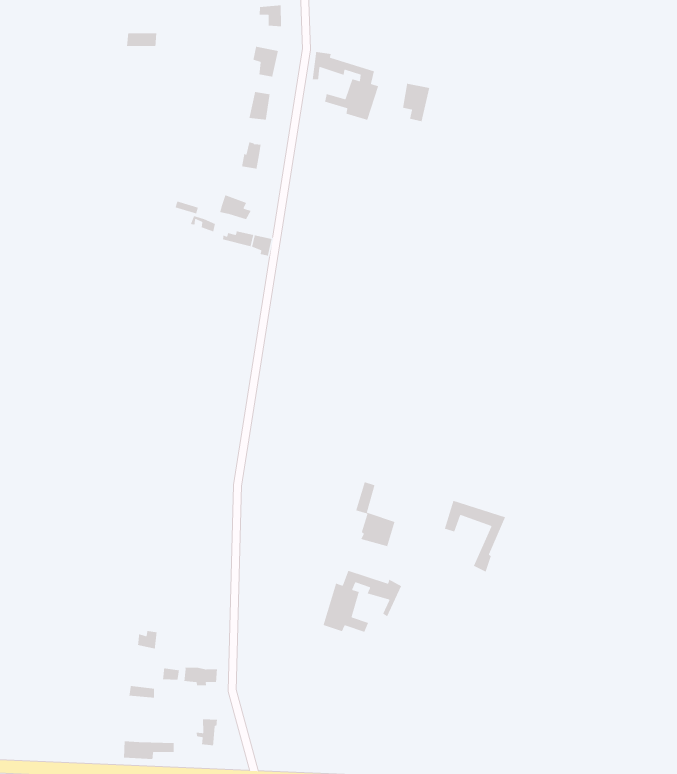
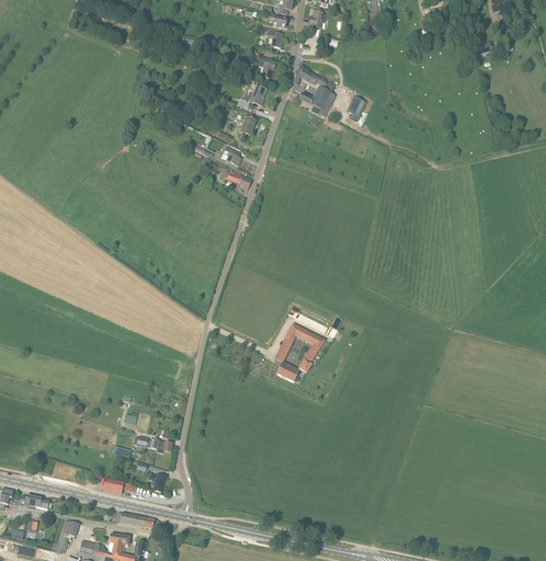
building: [444,500,506,573] -> [284,323,325,373]
building: [322,570,402,633] -> none

